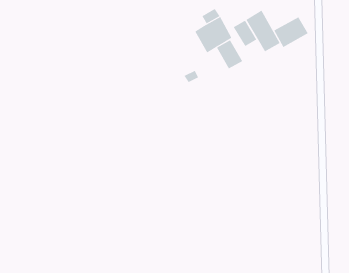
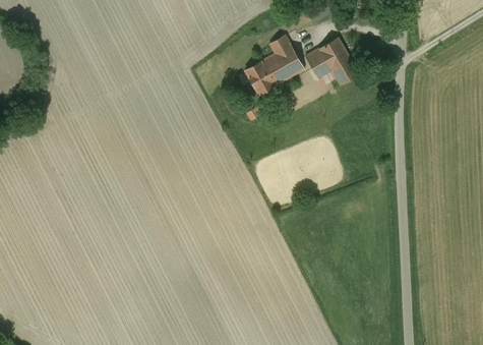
building: [274,16,308,48] -> none
building: [216,39,243,69] -> [244,61,275,95]

